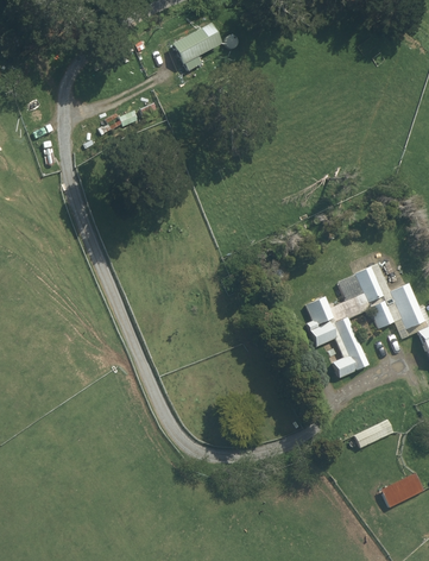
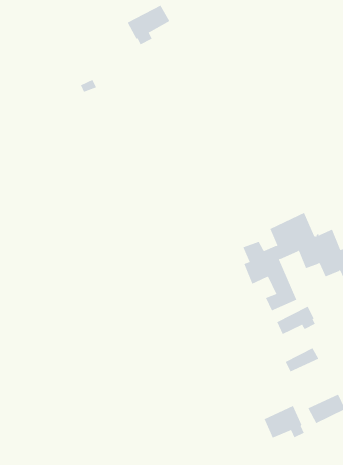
building: none -> [277,306,316,335]
building: none -> [264,405,305,439]

